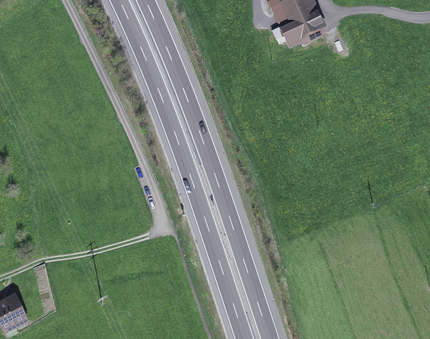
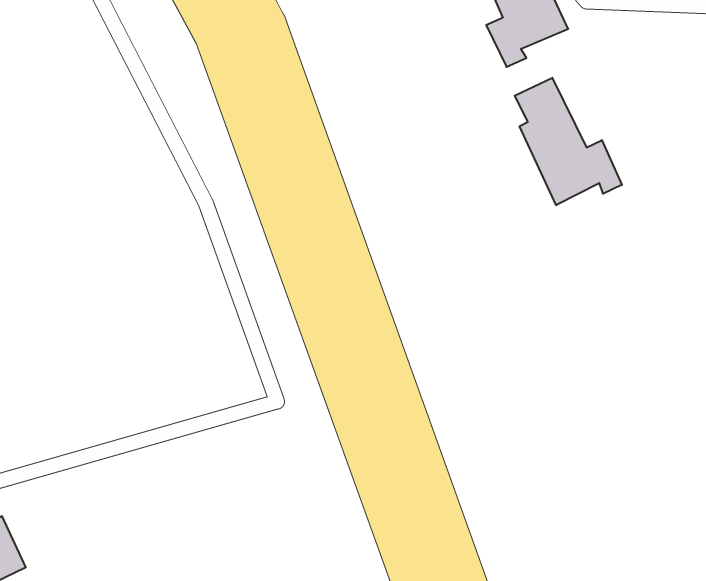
building: none -> [515,78,622,205]

